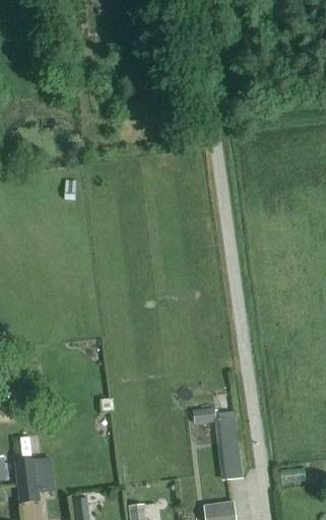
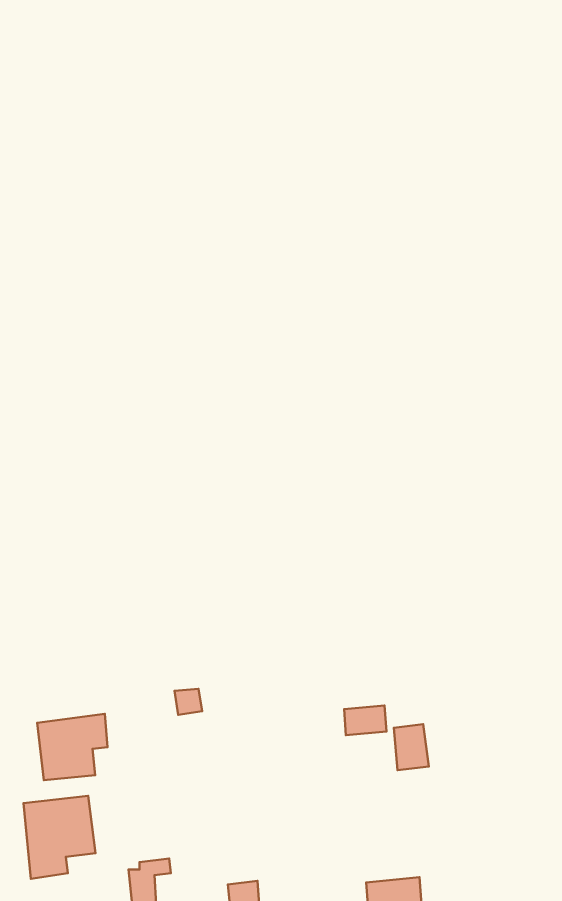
building: none -> [37,714,107,780]
building: [218,443,239,477] -> none

